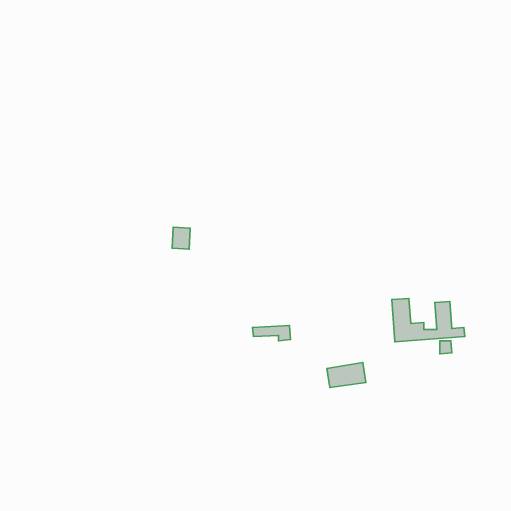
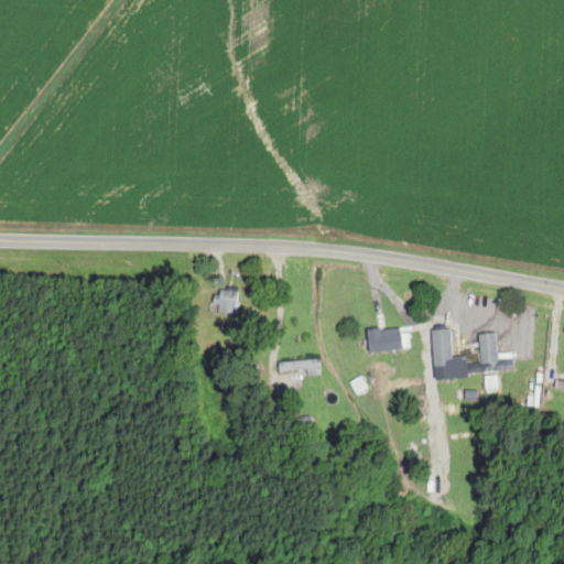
building: [172,227,190,249] -> [217,290,237,314]
building: [327,363,366,388] -> [366,326,409,354]

